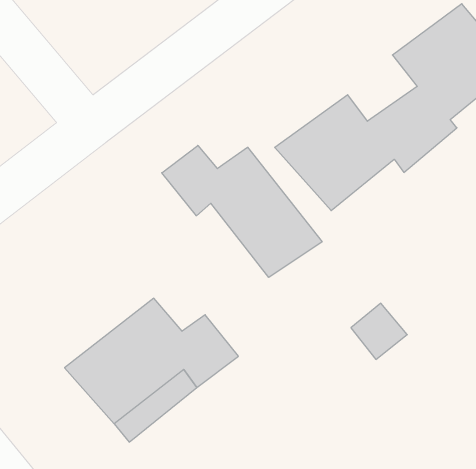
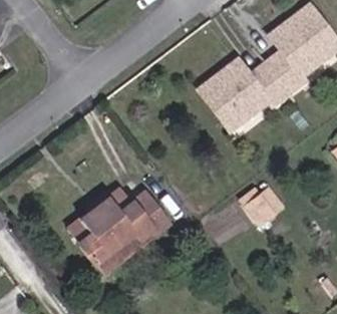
building: [162,145,322,277] -> none

